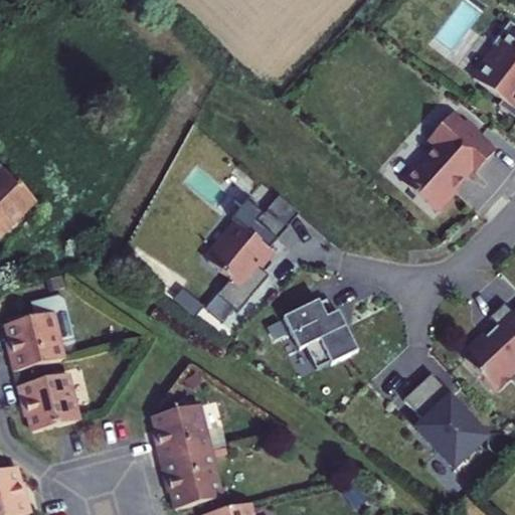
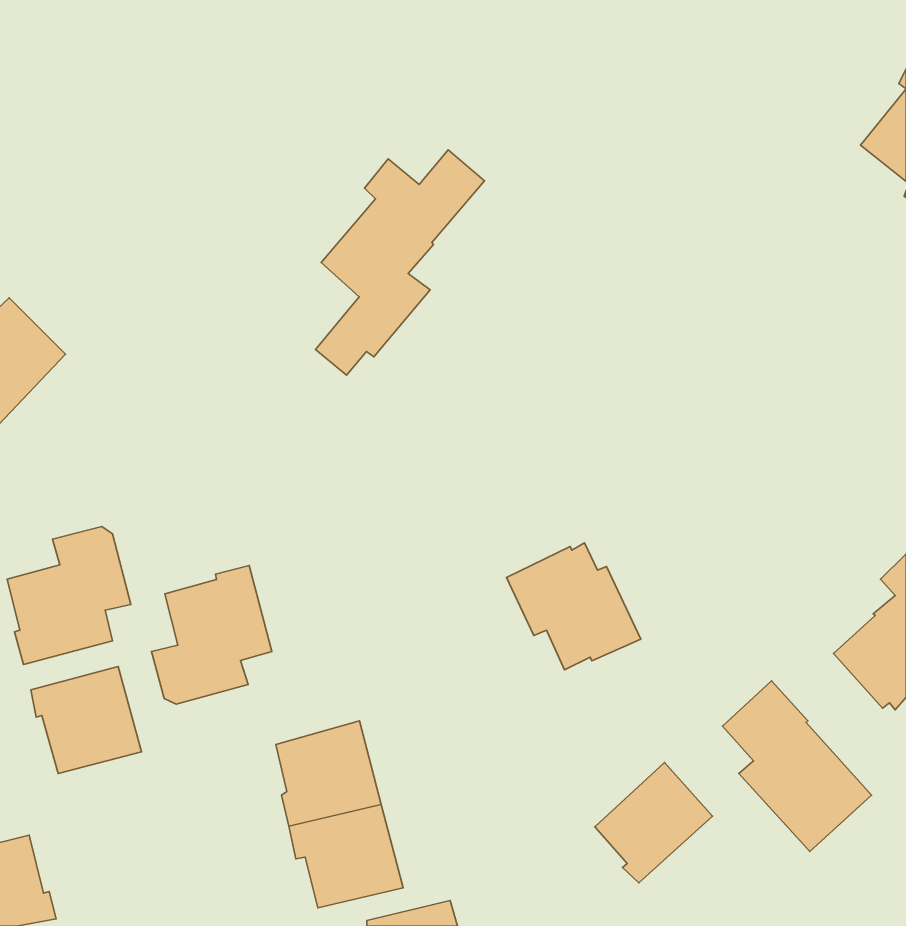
building: [401,113,497,211] -> none
building: [203,198,297,323] -> [316,150,484,375]
building: none -> [151,566,272,704]
building: none -> [595,763,712,883]

